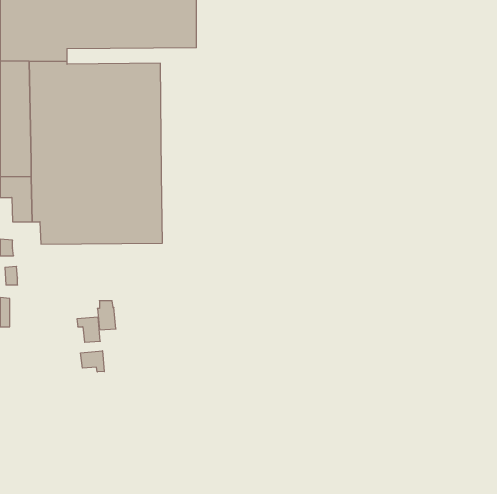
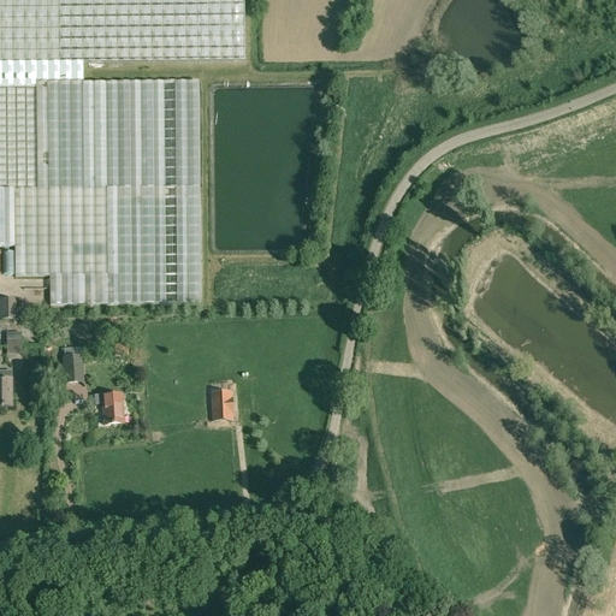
building: [97,301,116,330] -> [61,345,84,381]
building: none -> [211,390,233,420]
building: [81,351,104,372] -> none

